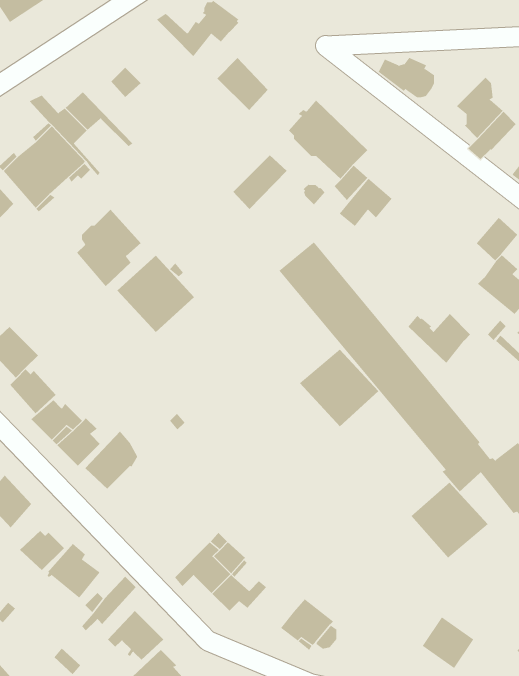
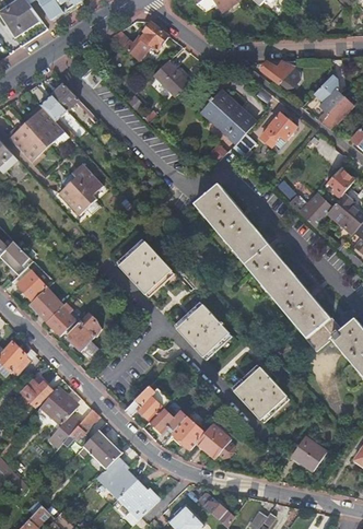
building: [232,154,287,210] -> none
building: [339,178,393,227] -> [260,113,296,145]
building: [117,255,195,333] -> [120,242,173,294]
building: [407,313,471,364] -> [290,193,332,227]
building: [299,349,379,427] -> [177,305,231,357]
building: [410,482,489,559] -> [235,368,288,420]
building: none -> [172,415,204,449]

